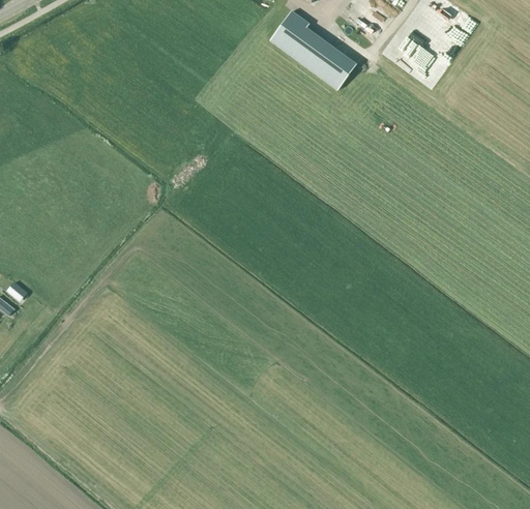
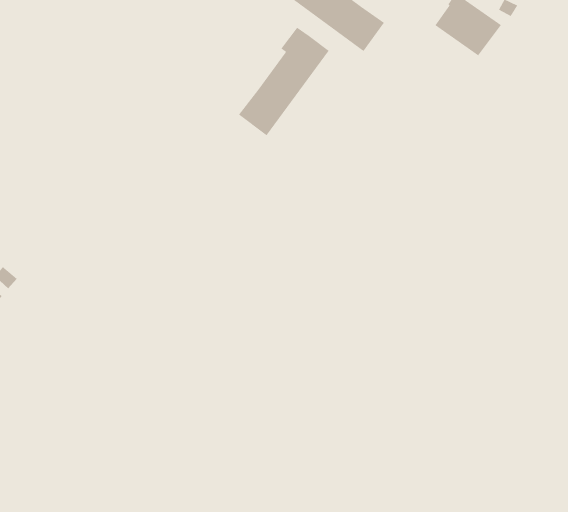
building: none -> [238,27,330,136]

